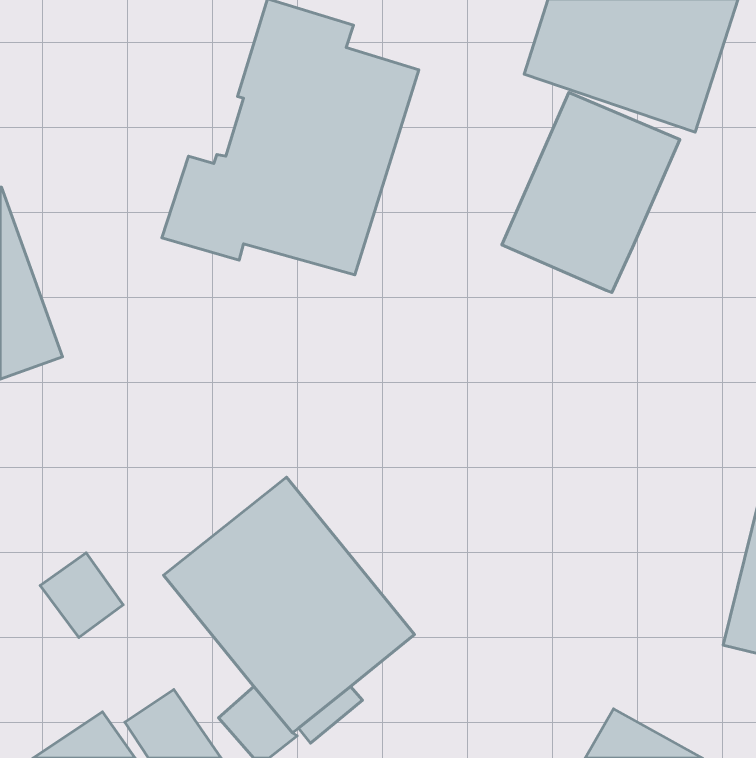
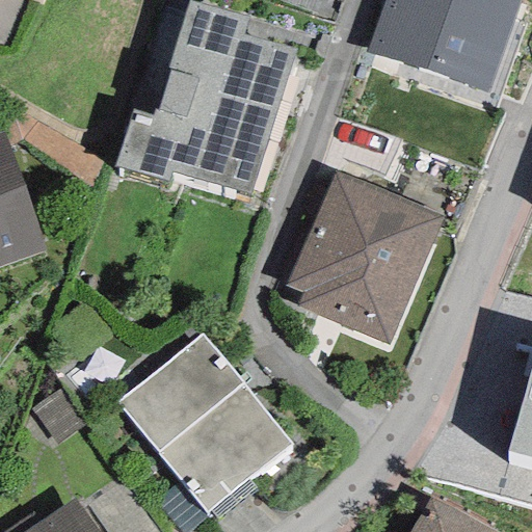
building: [502,92,680,293] -> none
building: none -> [285,169,445,345]

